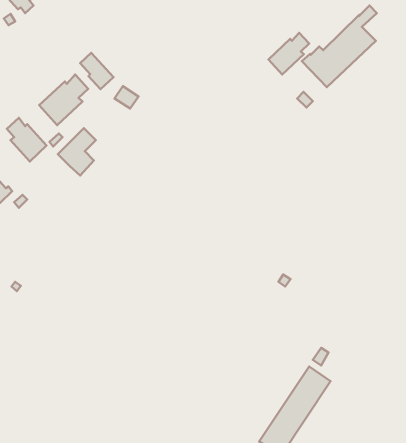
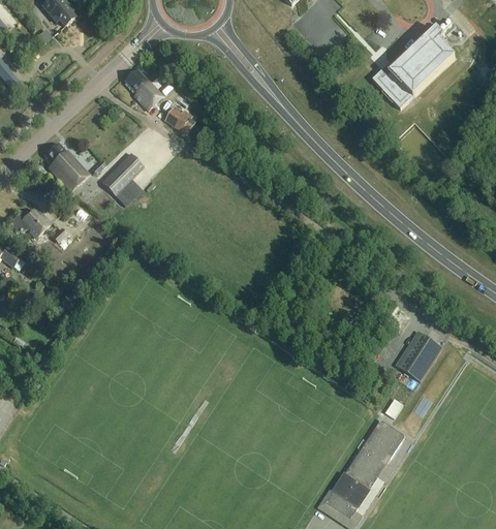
building: [269,33,309,74] -> none
building: [39,75,88,125] -> none
building: none -> [395,330,442,380]

